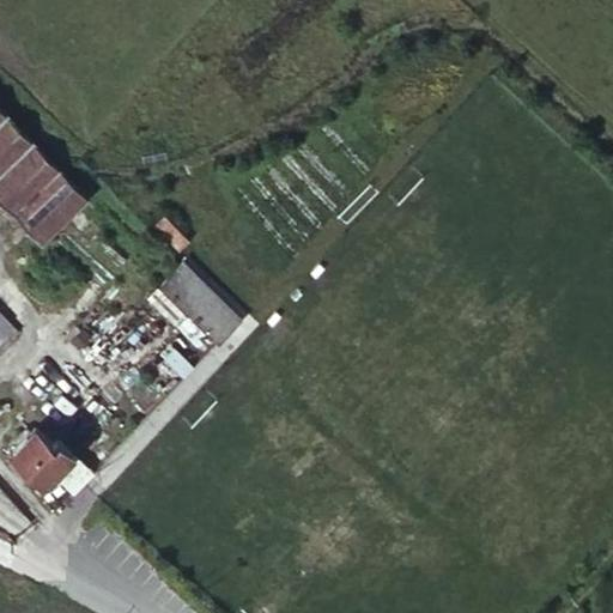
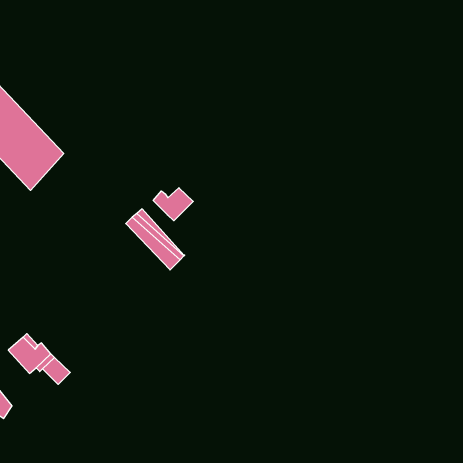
building: none -> [153,188,193,221]

